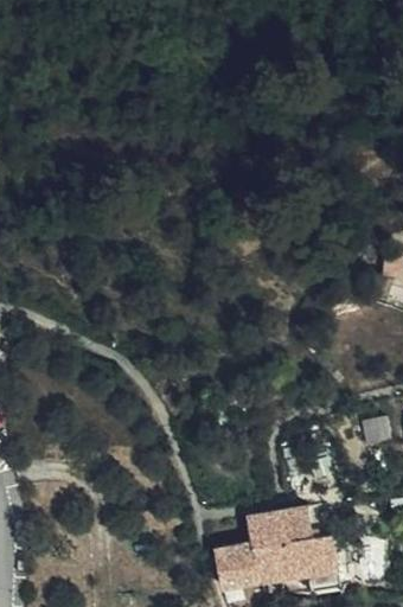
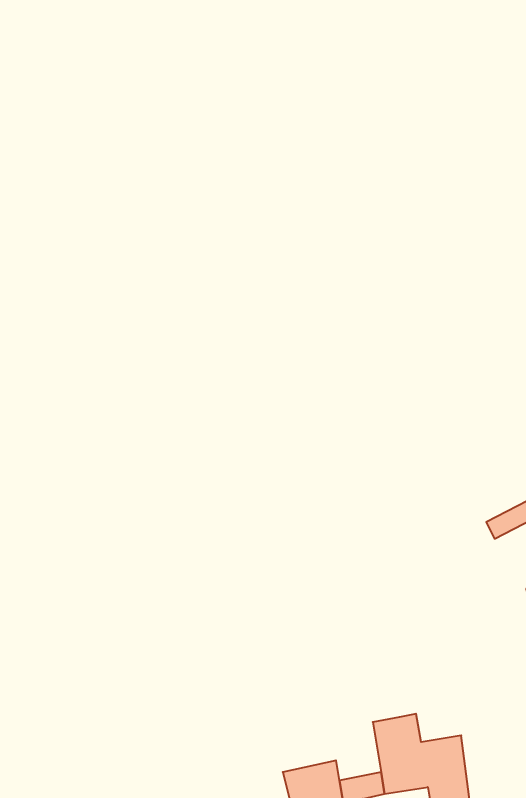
building: [238,516,274,557] -> none

